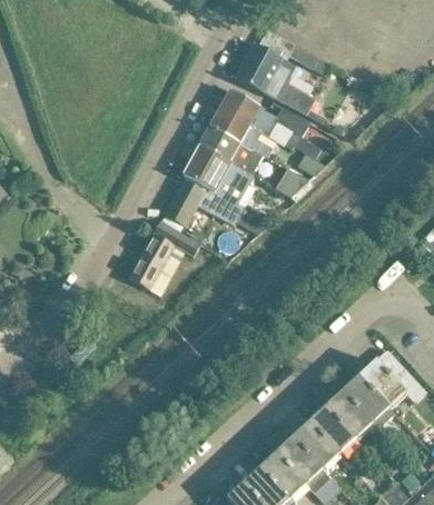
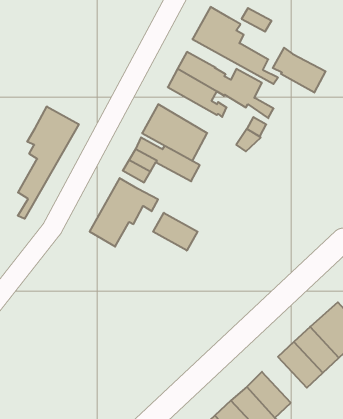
building: none -> [273,48,326,93]
building: [200,126,262,174] -> none
building: none -> [18,106,79,219]
building: none -> [153,213,198,251]
building: [308,406,355,454] -> none

